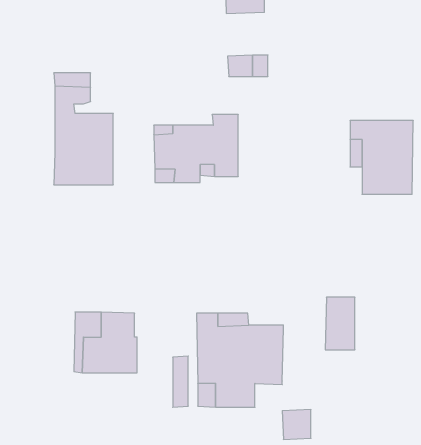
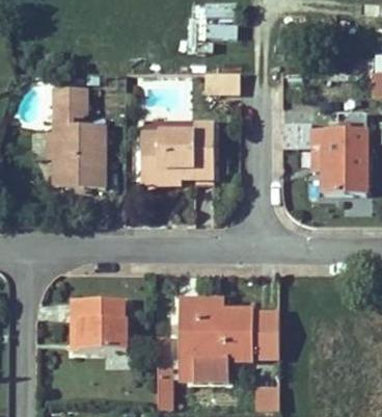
building: [325,297,355,350] -> [252,312,278,358]

